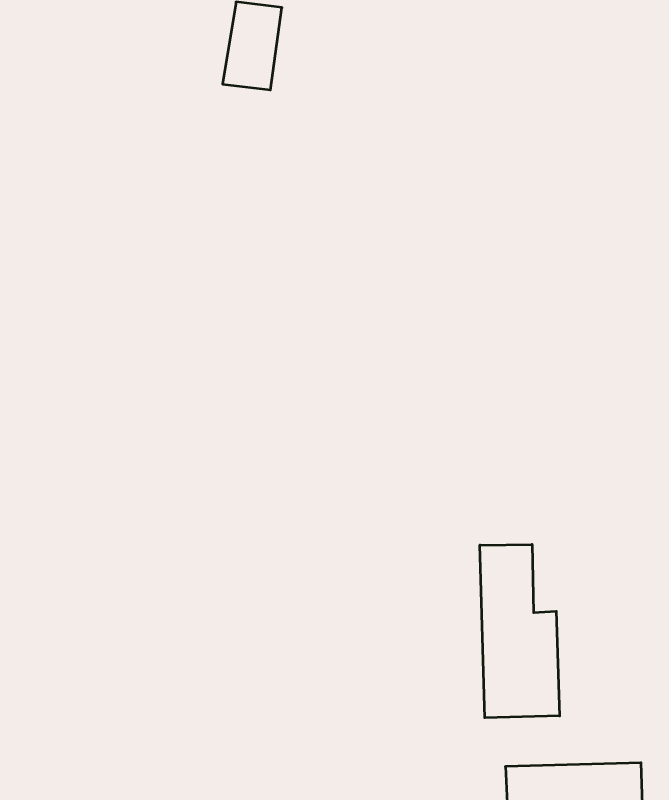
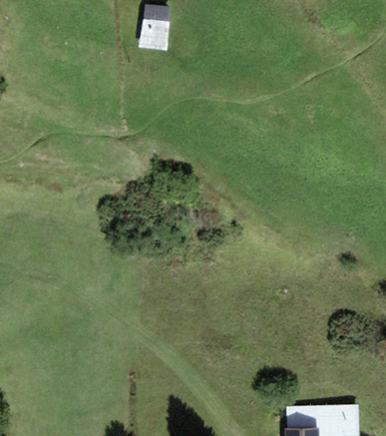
building: [480,544,560,718] -> none

